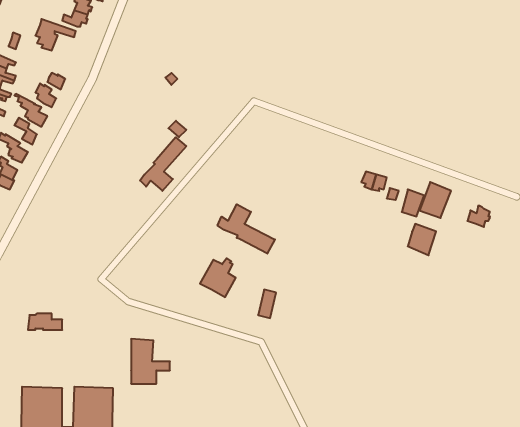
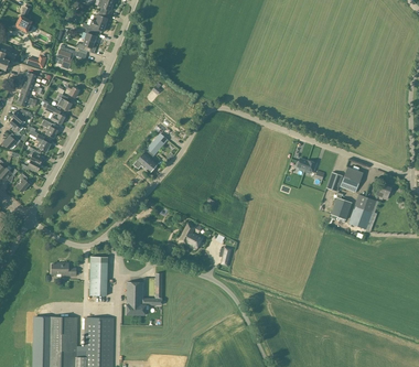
building: [218,204,275,254] -> none
building: none -> [347,193,377,229]
building: none -> [89,261,108,295]

